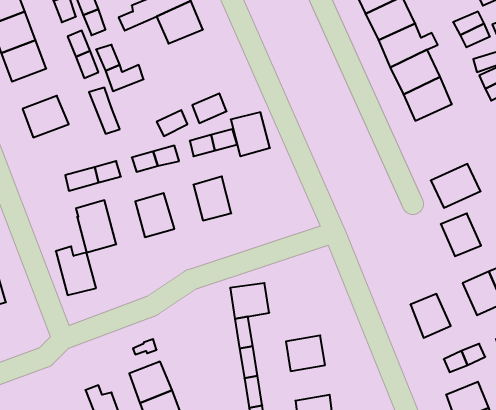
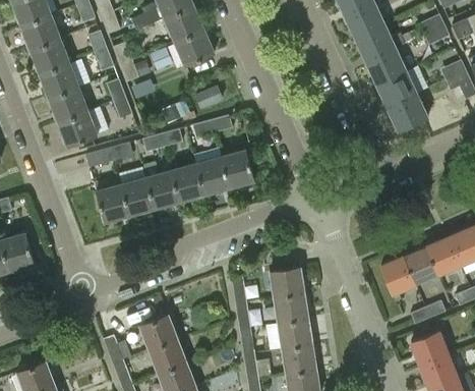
building: none -> [174,30,214,66]
building: none -> [40,63,78,98]
building: [231,112,270,156] -> [220,150,253,187]
building: none -> [58,111,98,148]
building: [431,164,481,208] -> [385,94,428,131]
building: none -> [170,163,203,201]
building: [441,213,481,256] -> [404,247,438,284]
building: [56,246,96,295] -> [119,172,154,214]
building: [230,283,269,319] -> [271,267,304,297]
building: none -> [279,318,312,348]

